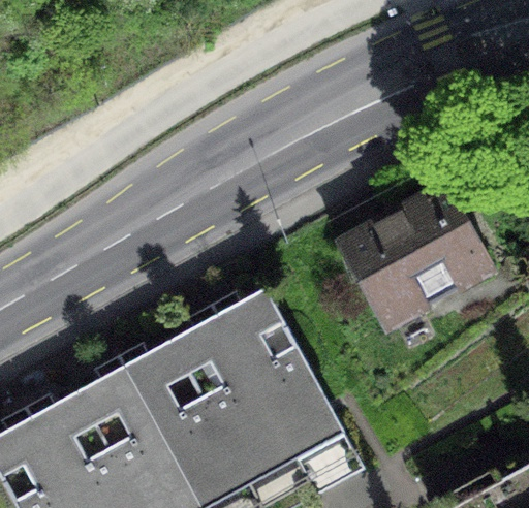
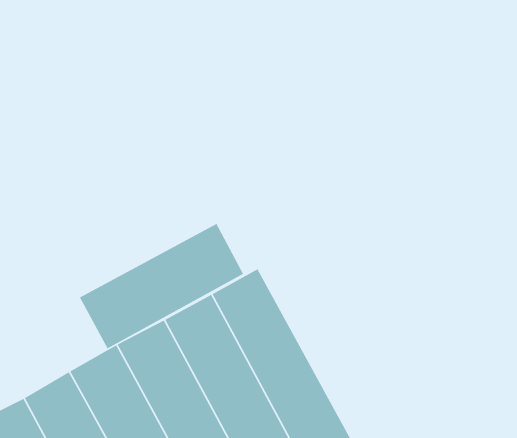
building: [339,187,484,327] -> none
building: none -> [79,223,244,349]

